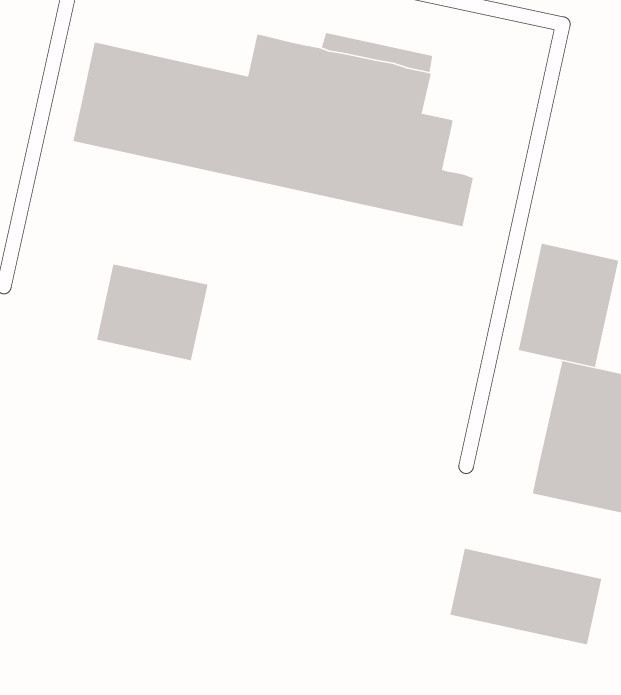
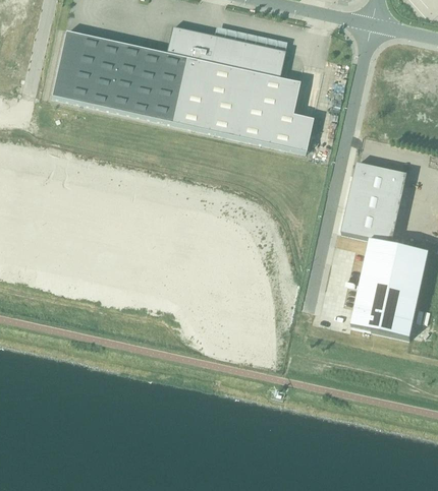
building: [96,263,208,361] -> none
building: [449,548,602,646] -> none

